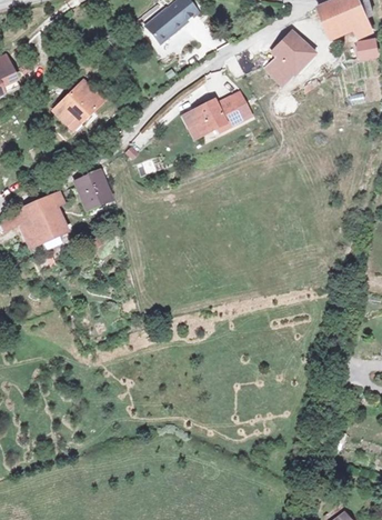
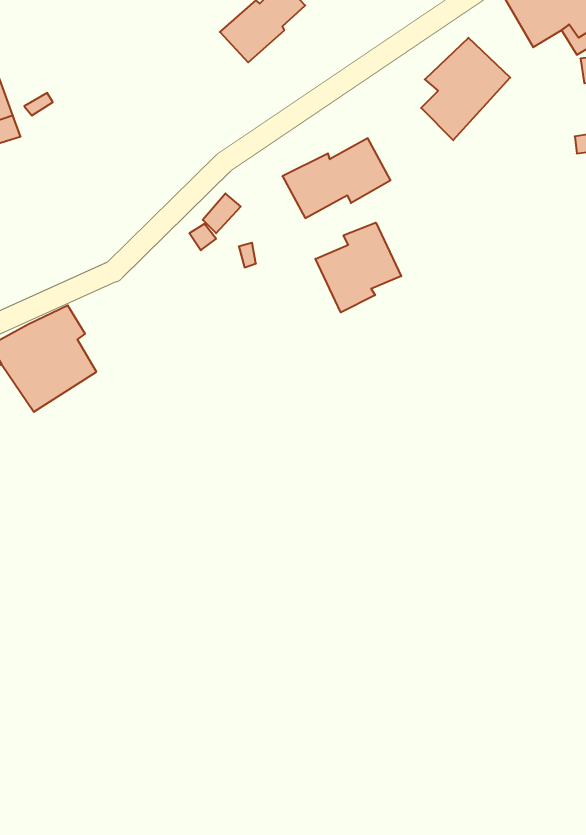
building: [56,82,108,134] -> none
building: none -> [315,223,401,312]
building: [74,168,112,212] -> none

